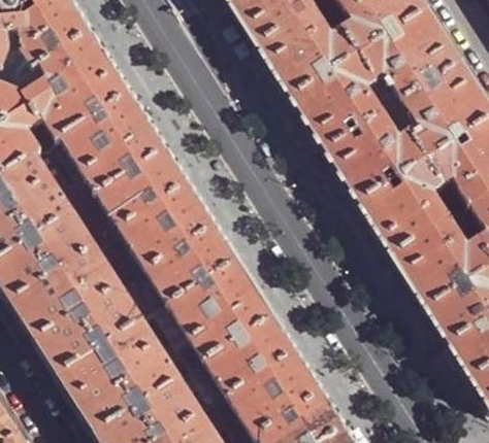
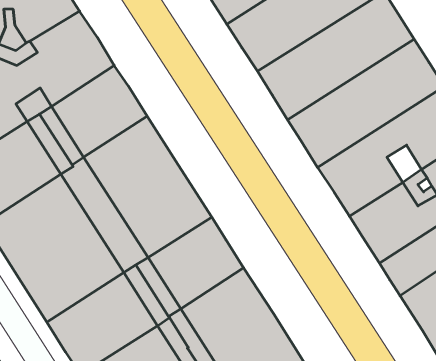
building: [432,183,470,225] -> none

